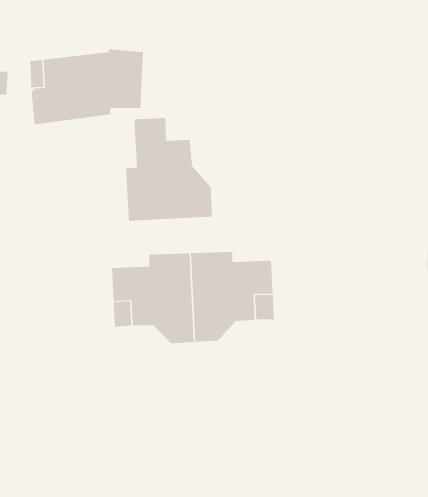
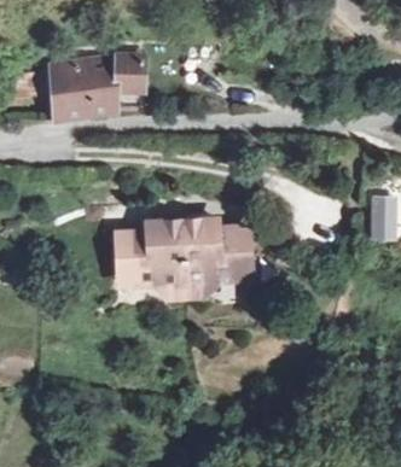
building: [125,117,212,221] -> none

